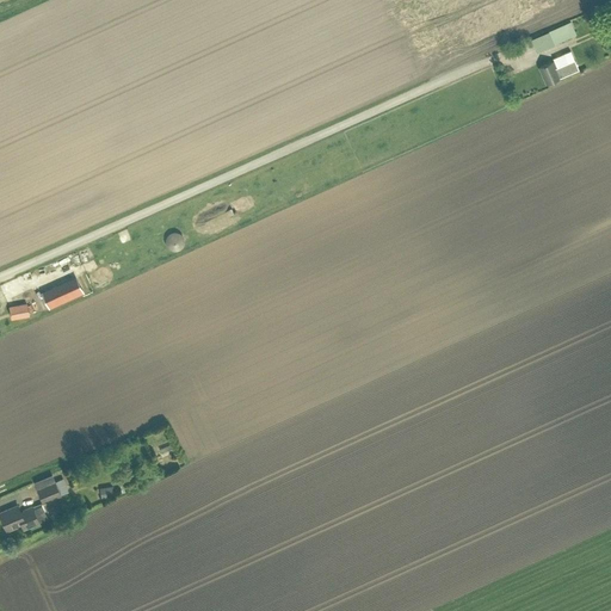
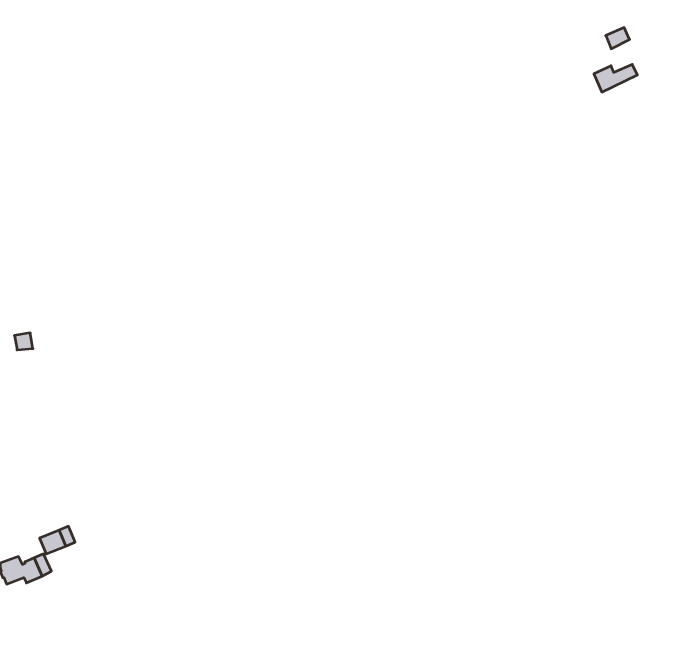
building: [43,279,82,309] -> none

